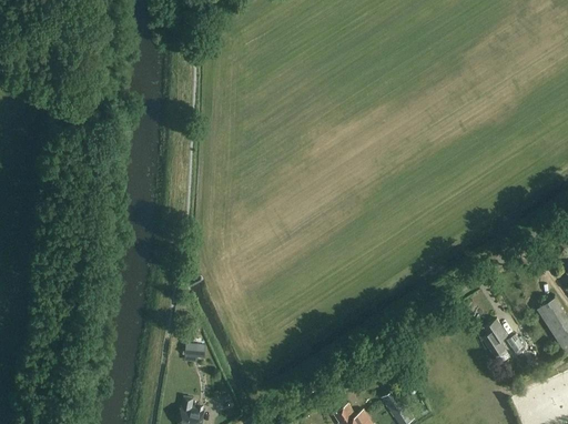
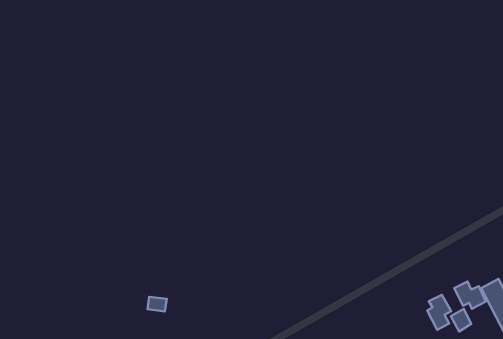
building: none -> [454,282,486,309]

